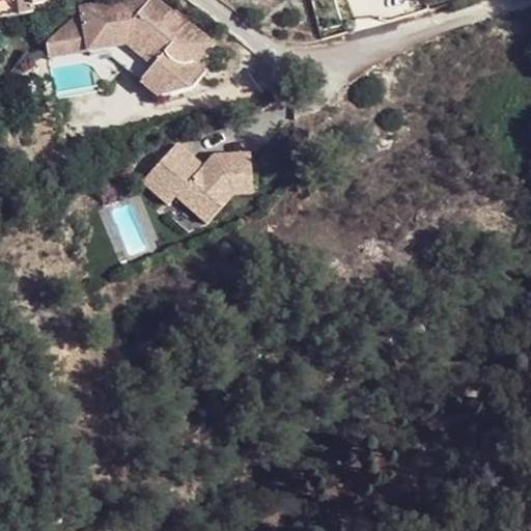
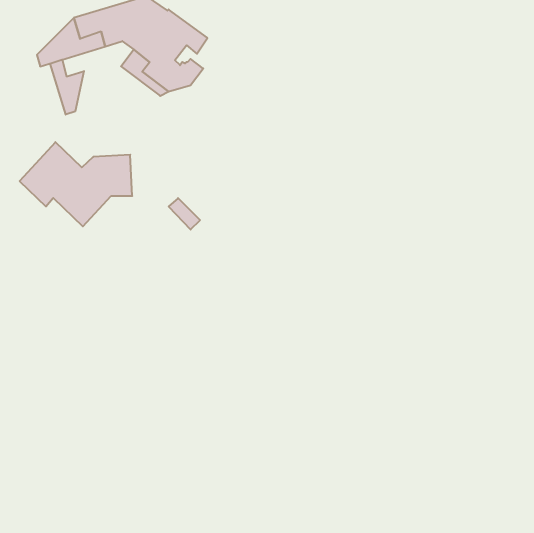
building: none -> [50,60,84,115]
building: [145,136,256,219] -> [20,142,132,226]

